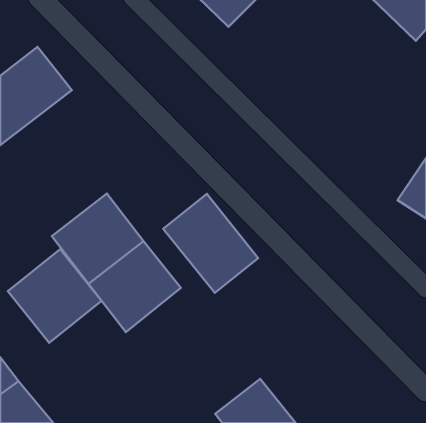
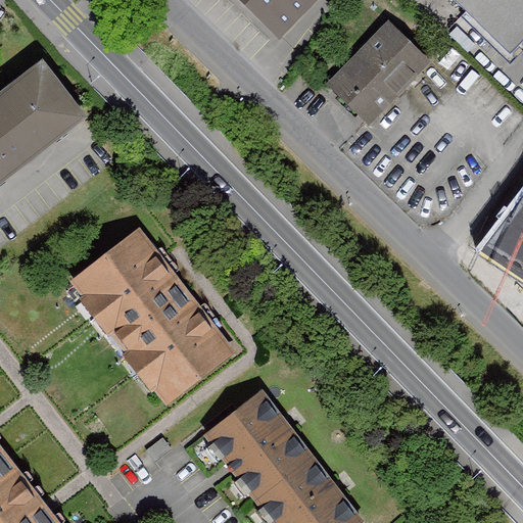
building: none -> [334,27,428,121]
building: [163,194,258,293] -> none
building: [8,249,102,343] -> none
building: none -> [212,399,319,507]

